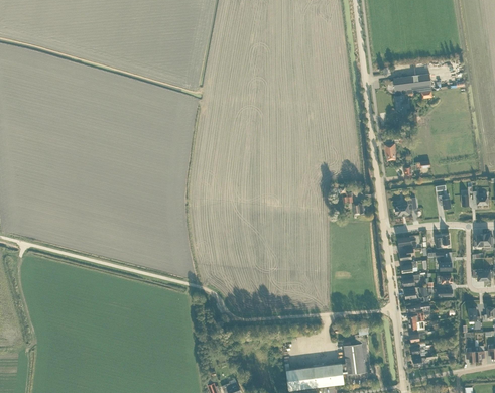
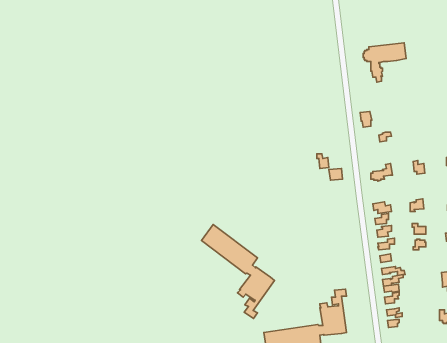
building: none -> [201,225,275,318]

